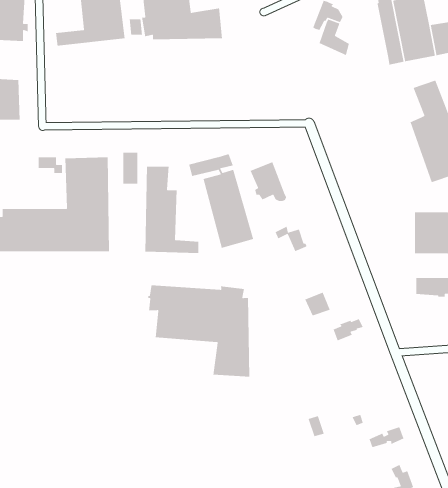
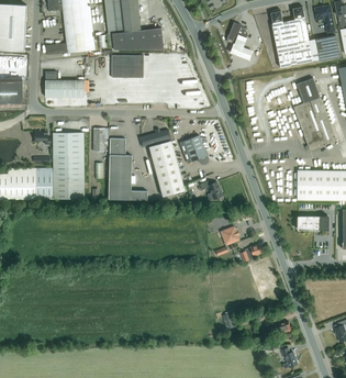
building: none -> [112,55,144,78]
building: none -> [45,71,85,97]
building: [147,284,250,377] -> none

